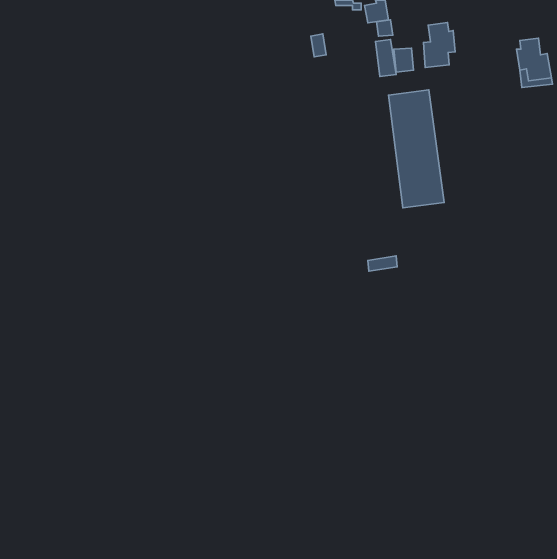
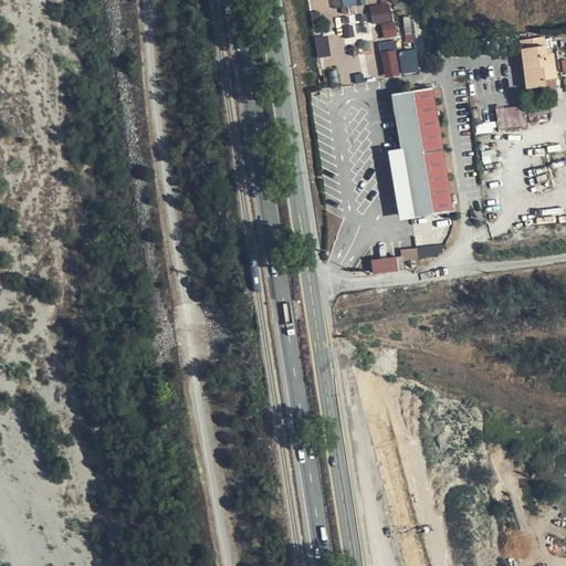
building: [423,23,455,68] -> none
building: none -> [495,104,526,127]

